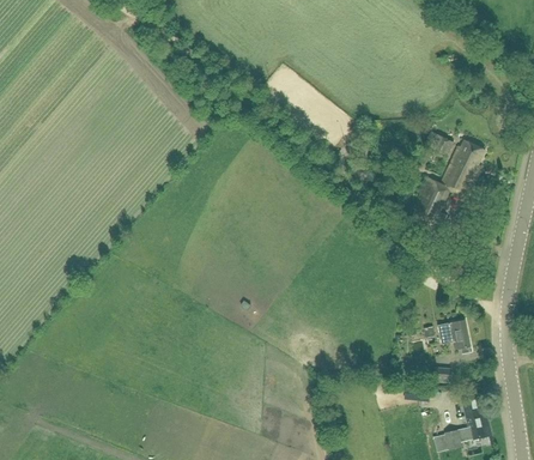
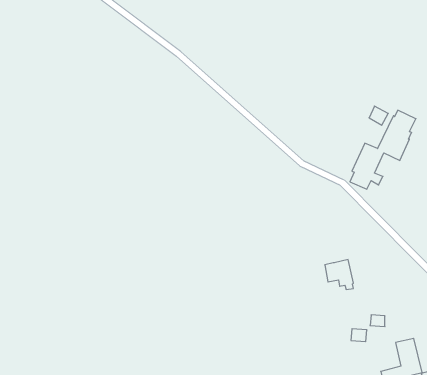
building: [437,319,469,352] -> [325,260,353,289]

